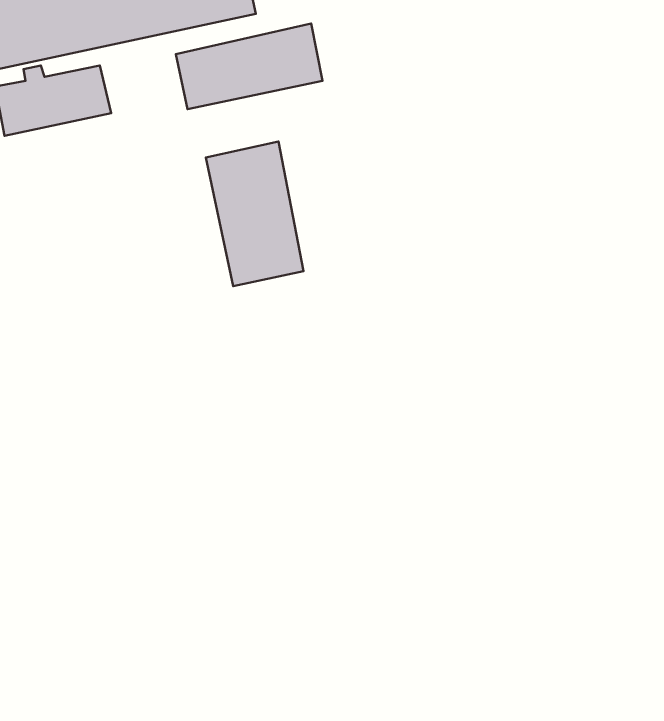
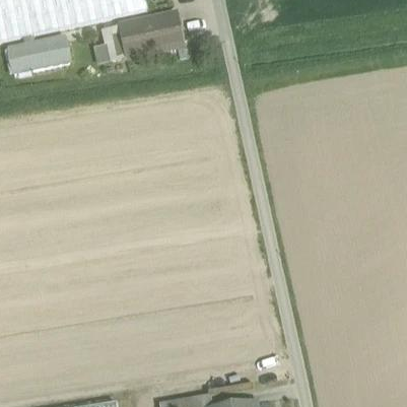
building: [206,141,303,286] -> none

